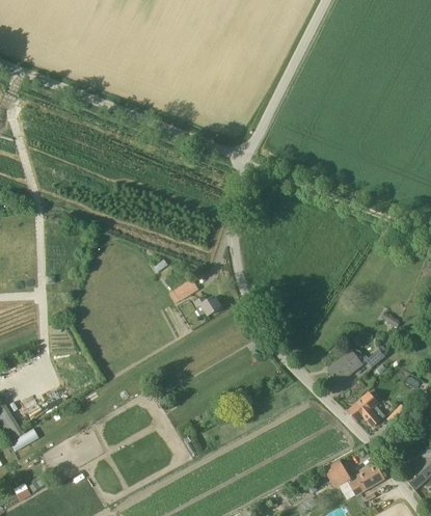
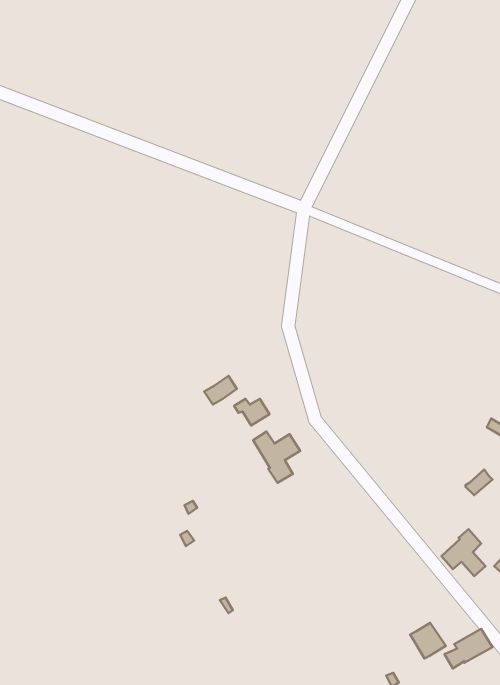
building: none -> [253,432,300,483]
building: [327,349,363,382] -> none

